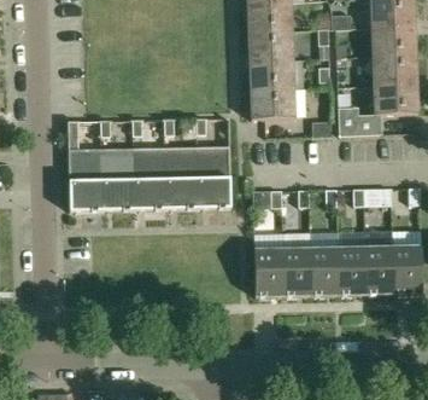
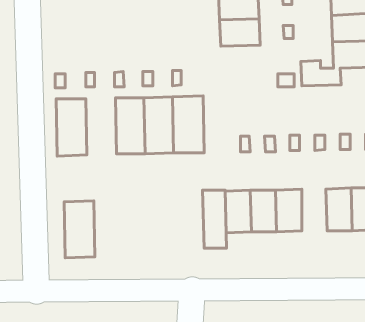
building: [250,88,294,118] -> none
building: [101,146,135,209] -> [64,201,95,258]
building: [339,247,367,292] -> none
building: none -> [203,190,227,248]

